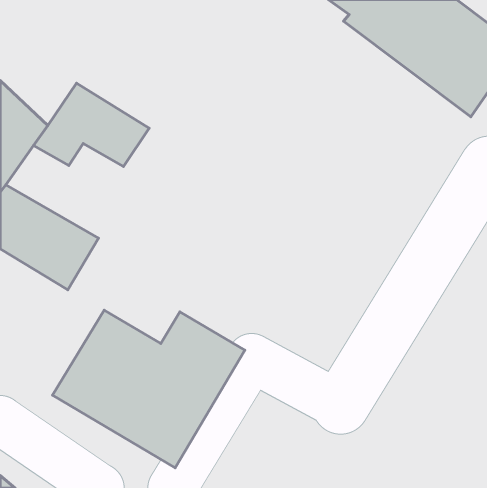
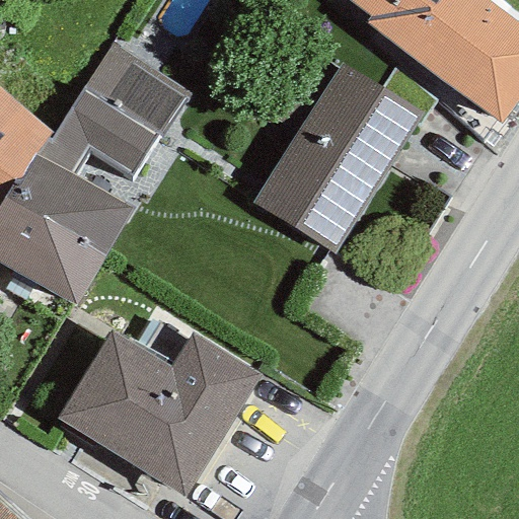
building: none -> [83,43,192,136]
building: none -> [253,64,425,253]
building: none -> [8,154,133,252]

